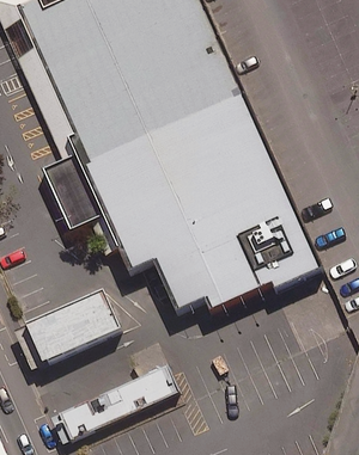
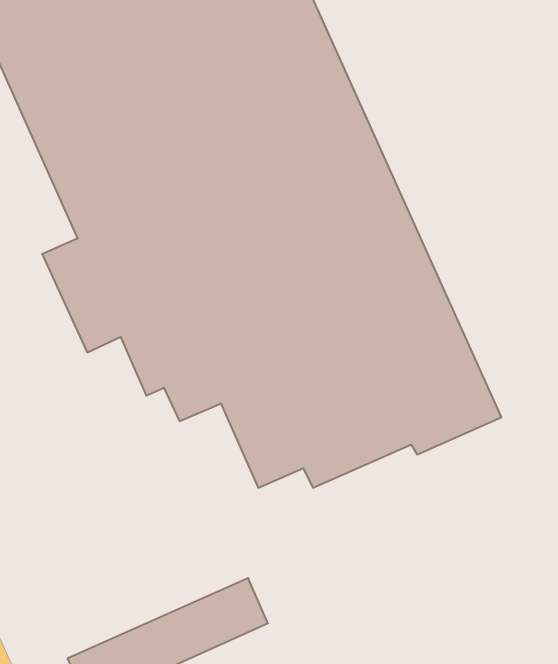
building: [22,294,117,368] -> none

